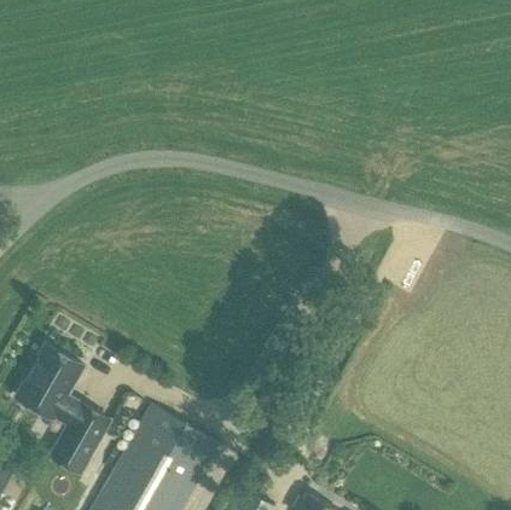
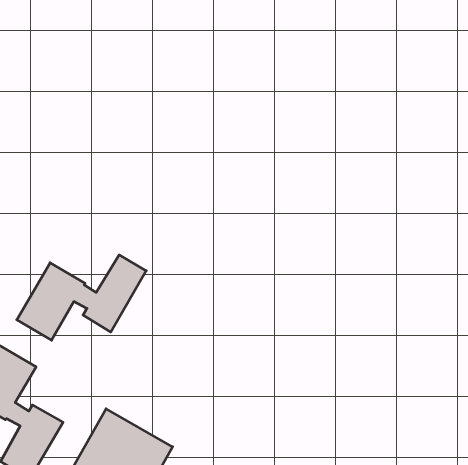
building: none -> [17,255,146,340]

